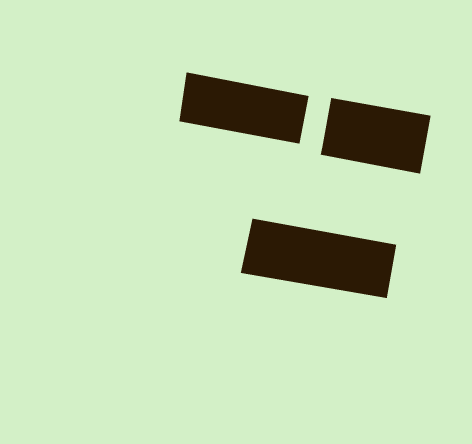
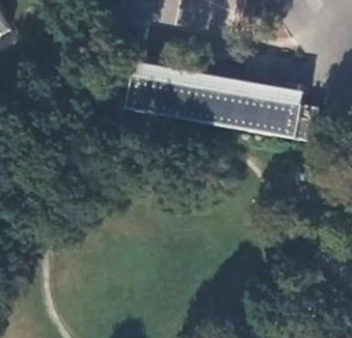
building: [240,218,397,299] -> none

